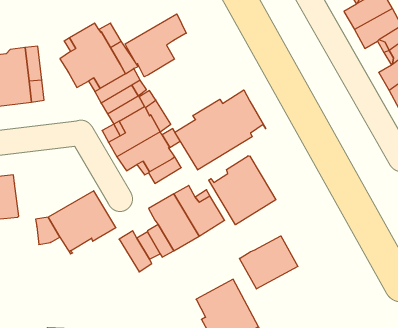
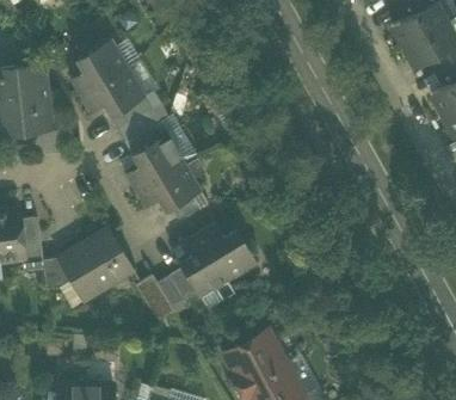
building: [125,14,186,77] -> none
building: [175,90,266,170] -> none
building: [209,156,276,225] -> none
building: none -> [19,220,44,273]
building: [239,236,298,289] -> none

